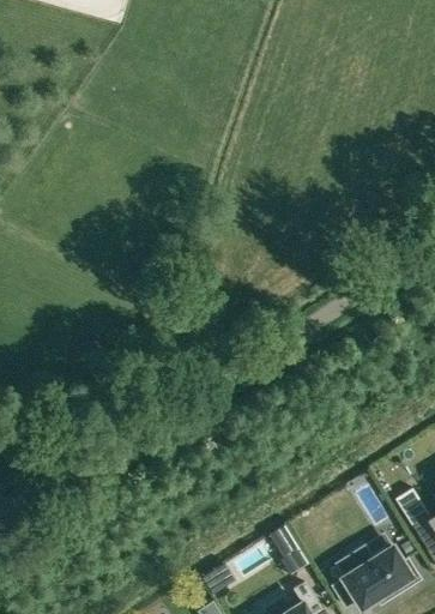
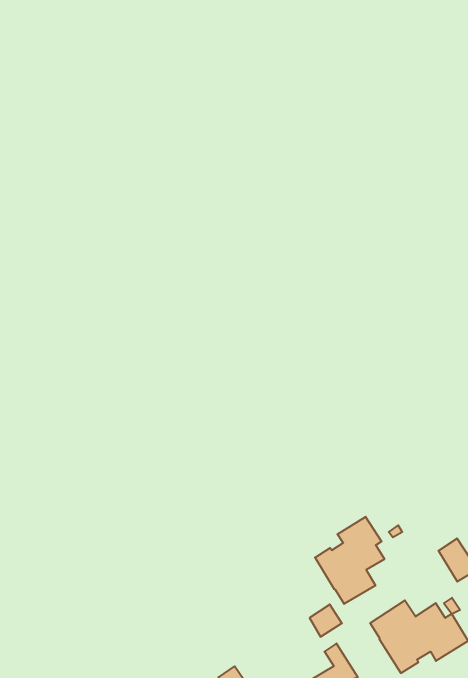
building: none -> [315,517,384,604]

